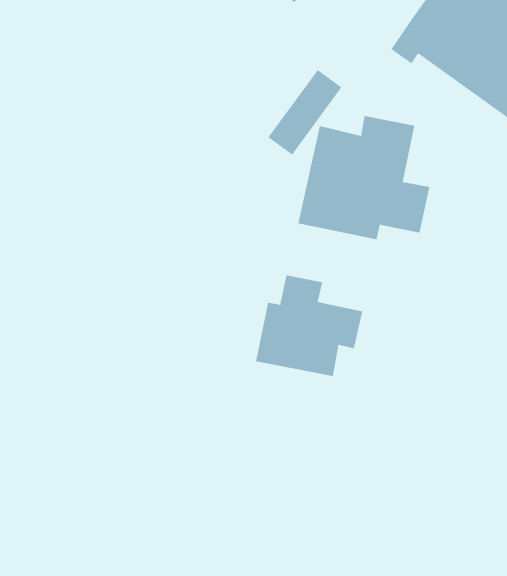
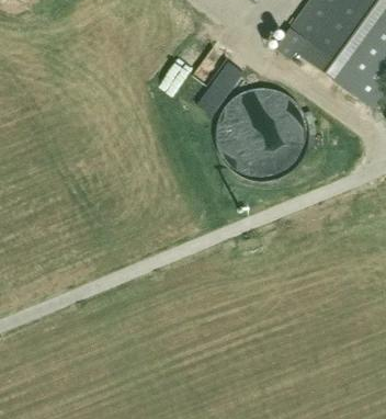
building: [256,274,363,377] -> none

